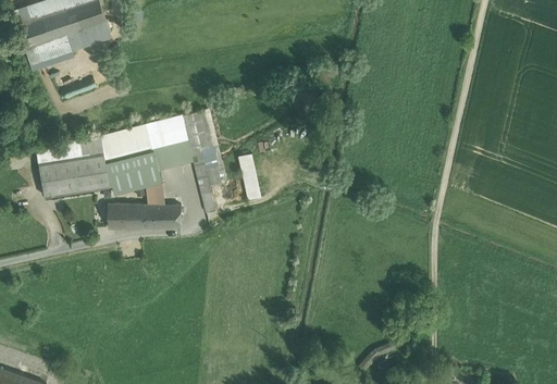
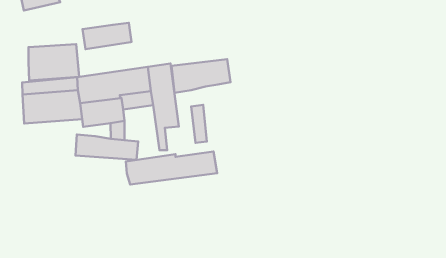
building: none -> [83,23,131,49]
building: none -> [171,59,231,93]
building: none -> [29,44,79,80]
building: none -> [126,152,217,185]

